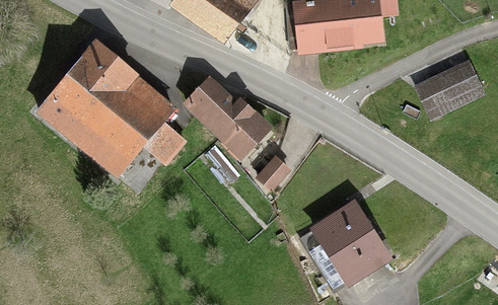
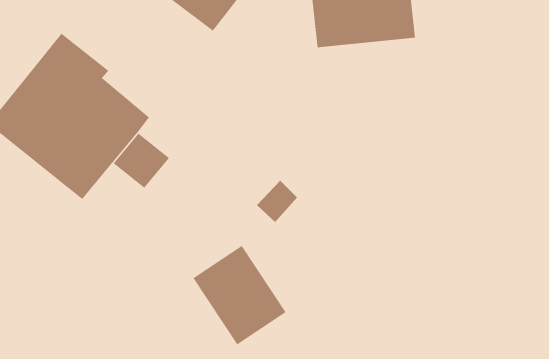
building: [416,61,485,122] -> none
building: [184,79,265,155] -> none
building: [313,200,388,280] -> [193,245,286,345]

